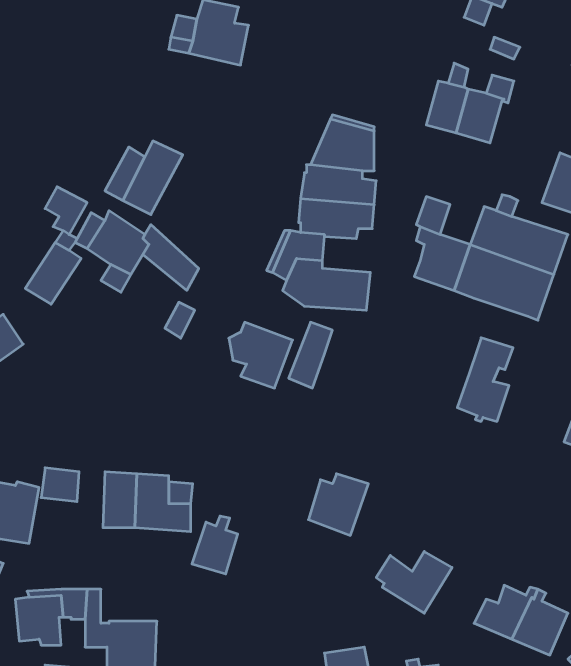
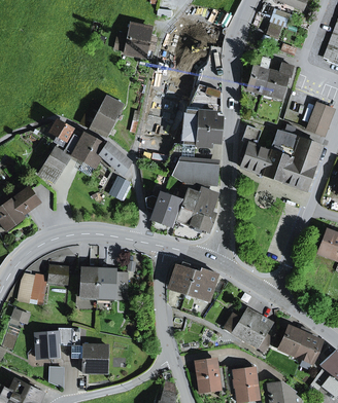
building: [457,338,513,421] -> [190,188,218,231]
building: [192,516,238,574] -> [170,262,194,292]
building: none -> [247,317,273,352]

